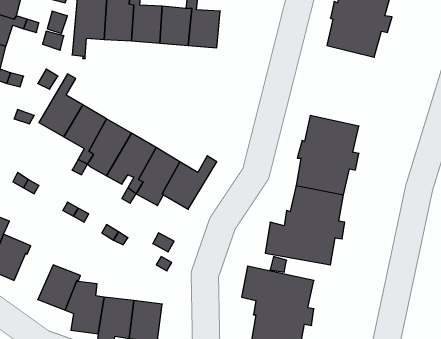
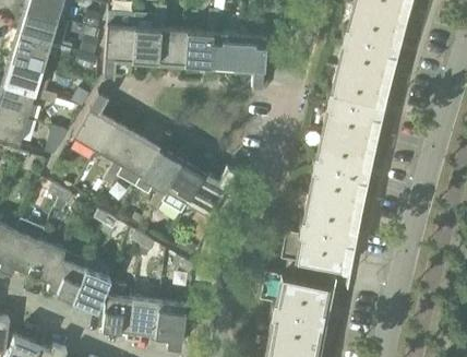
building: none -> [238,36,267,90]
building: none -> [324,68,383,142]
building: none -> [49,259,87,301]

